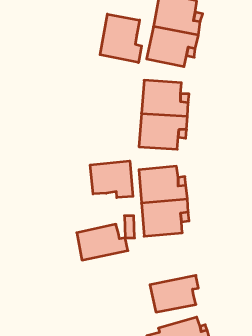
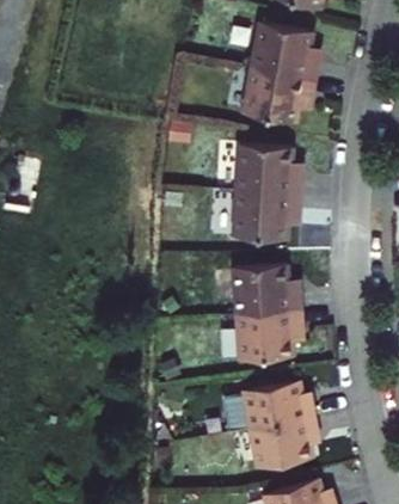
building: [100,14,142,63] -> none
building: [90,161,133,198] -> none
building: [77,224,128,260] -> [240,379,312,429]

